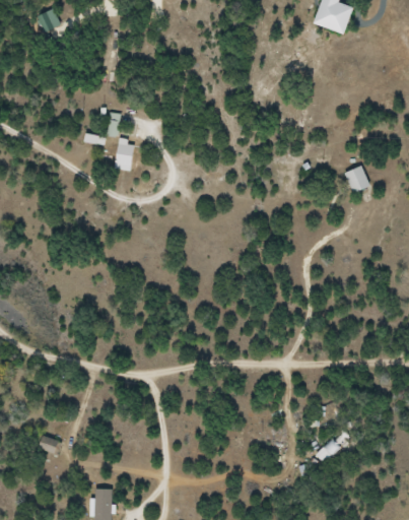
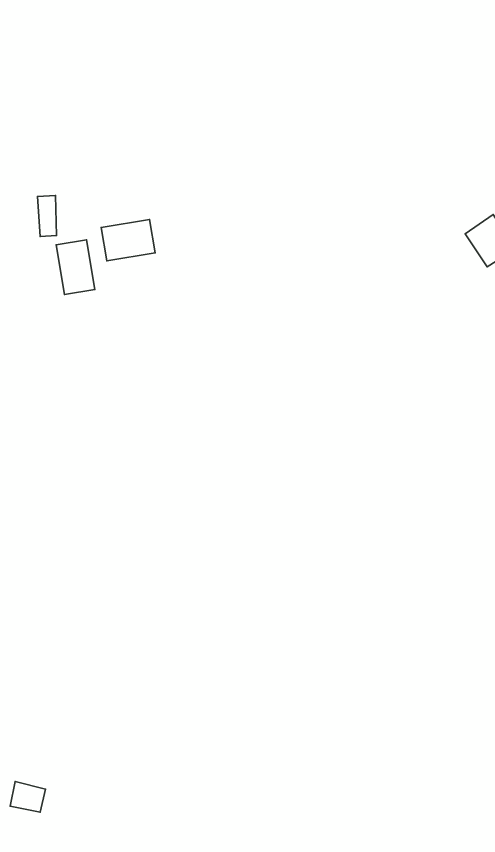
building: none -> [101,219,155,261]

